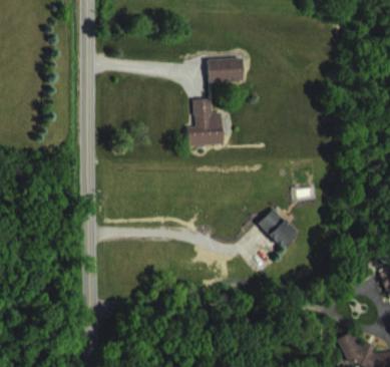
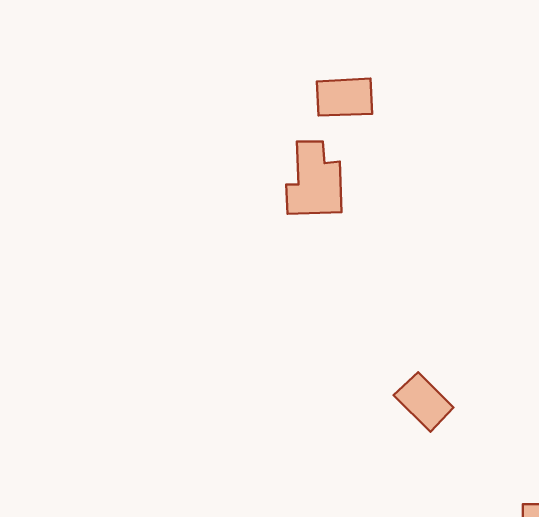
building: [258,209,297,248] -> [393,372,453,432]

